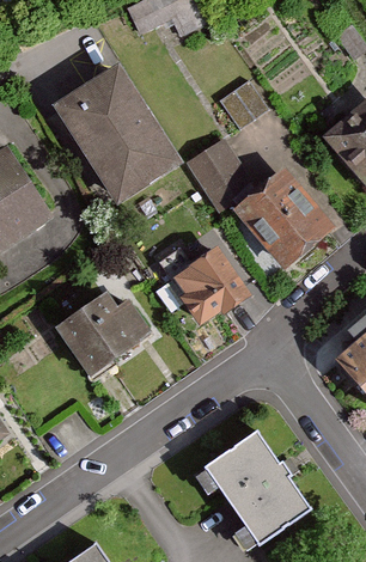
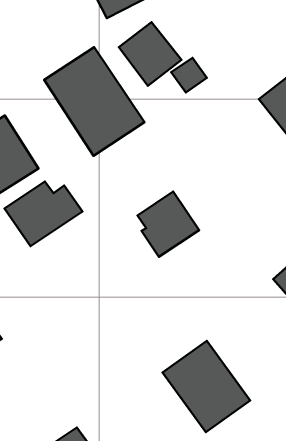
building: [182,123,260,202] -> [119,22,181,86]
building: [230,167,334,271] -> none
building: [53,294,150,374] -> [4,182,82,246]

